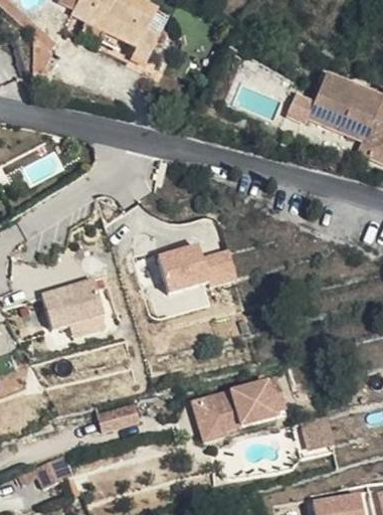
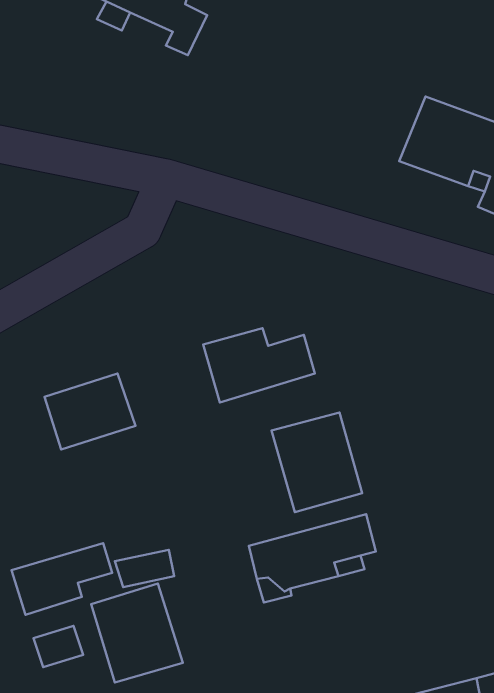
building: none -> [271,412,362,512]
building: none -> [12,543,112,615]
building: none -> [91,584,183,682]

